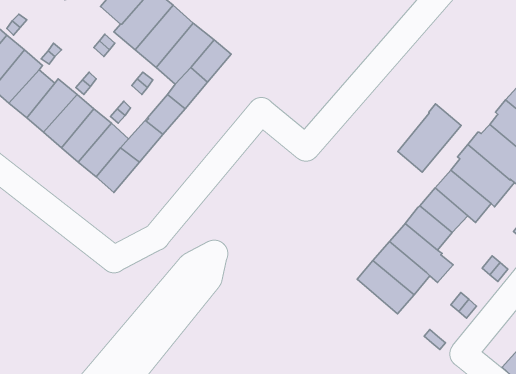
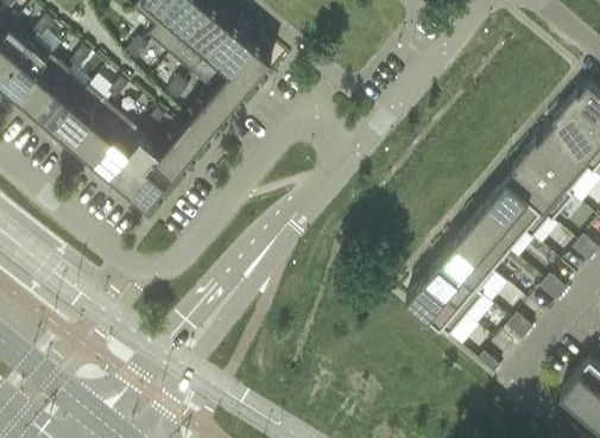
building: [398,104,461,172] -> none

